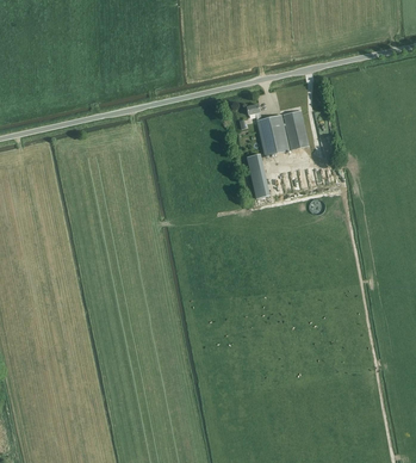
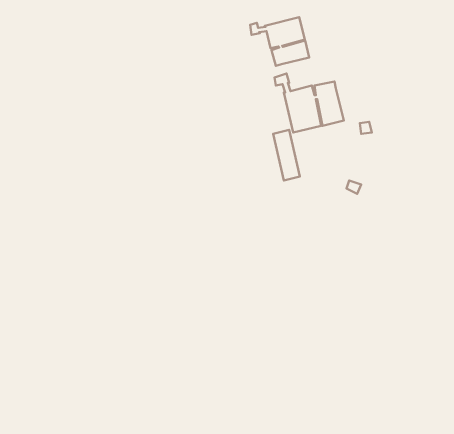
building: none -> [250,17,309,66]

